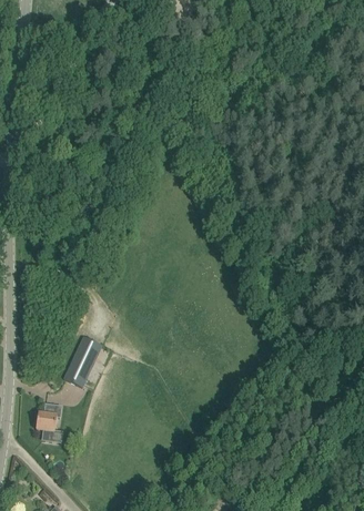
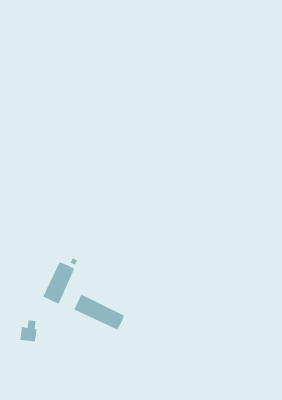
building: none -> [73,294,125,331]

